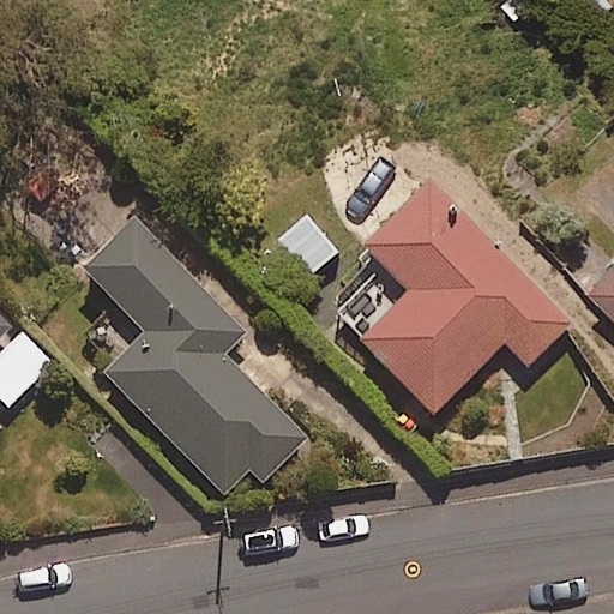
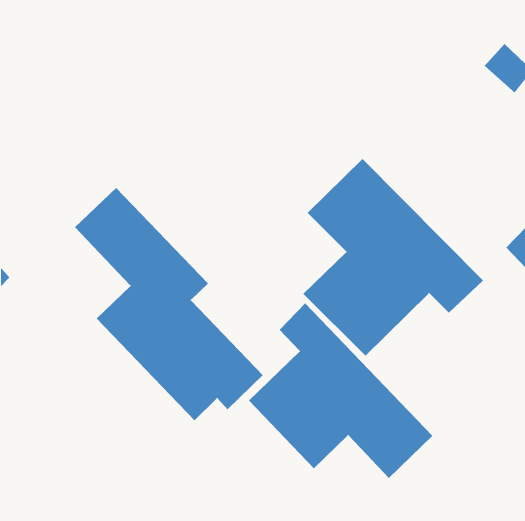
building: none -> [248,303,433,479]

